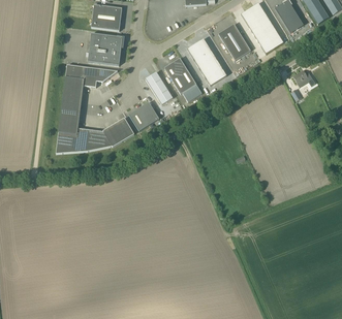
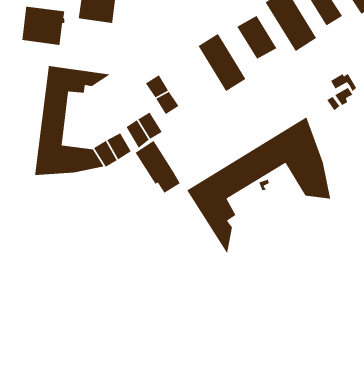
building: [88,33,123,65] -> [22,6,65,46]
building: [164,58,201,101] -> [134,140,181,194]
building: none -> [186,116,331,255]

